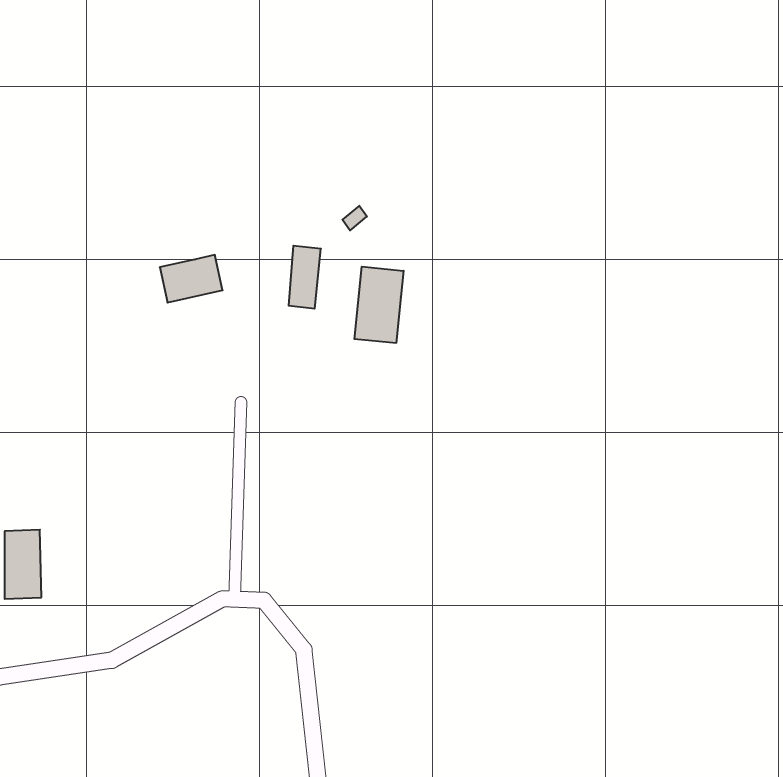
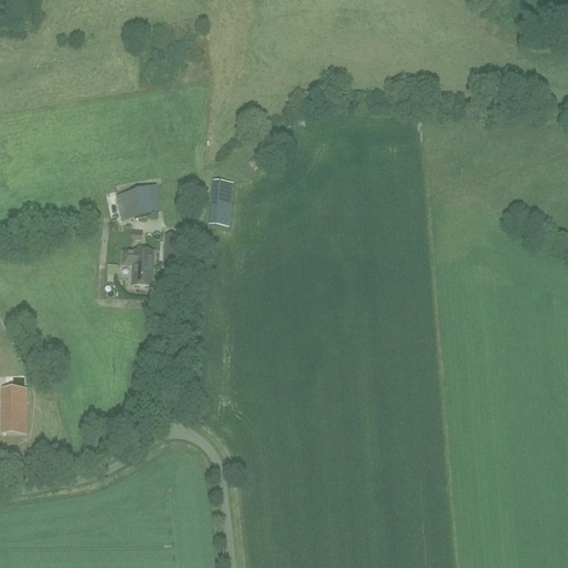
building: [354,267,404,343] -> none
building: none -> [121,247,152,284]

